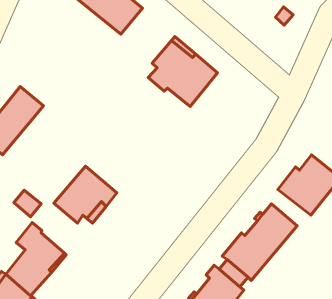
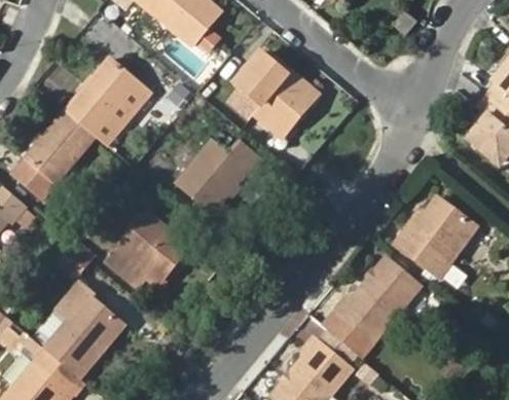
building: none -> [65,59,150,146]
building: none -> [177,142,261,213]

